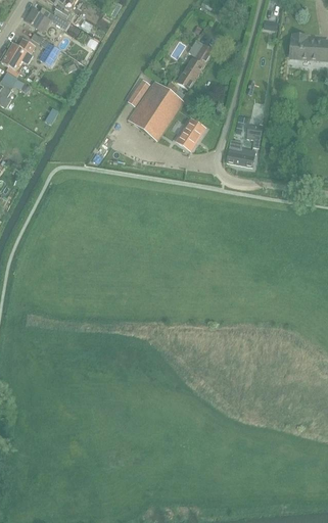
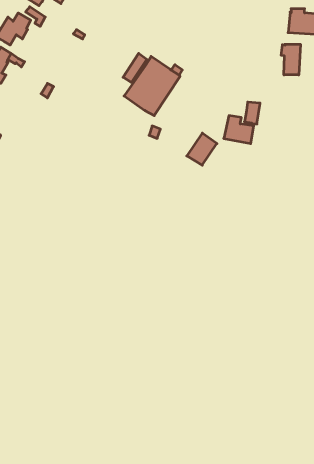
building: [177,39,212,89] -> none
building: none -> [281,44,300,75]
building: [175,117,204,149] -> [187,133,217,165]

